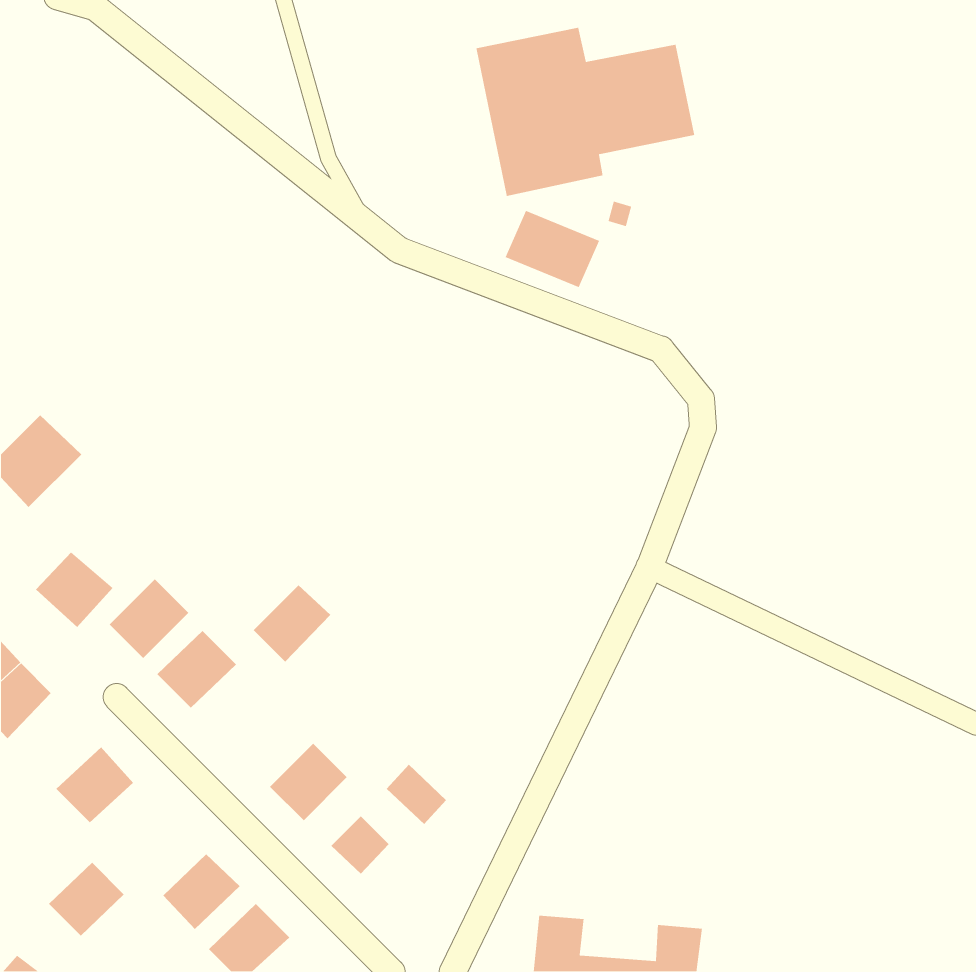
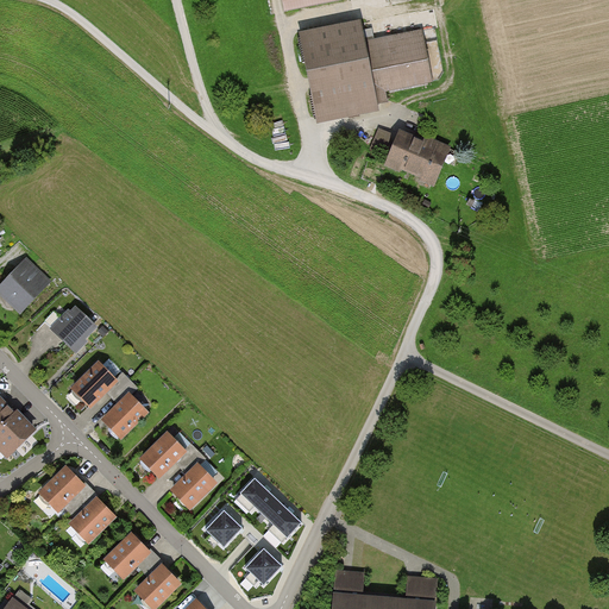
building: [505,210,600,288] -> [389,130,448,178]
building: [35,551,113,628] -> [48,304,96,352]
building: [253,584,331,663] -> [137,432,186,481]
building: none -> [264,498,302,535]
building: [48,862,125,936] -> [68,498,115,545]
building: none -> [246,546,282,582]

